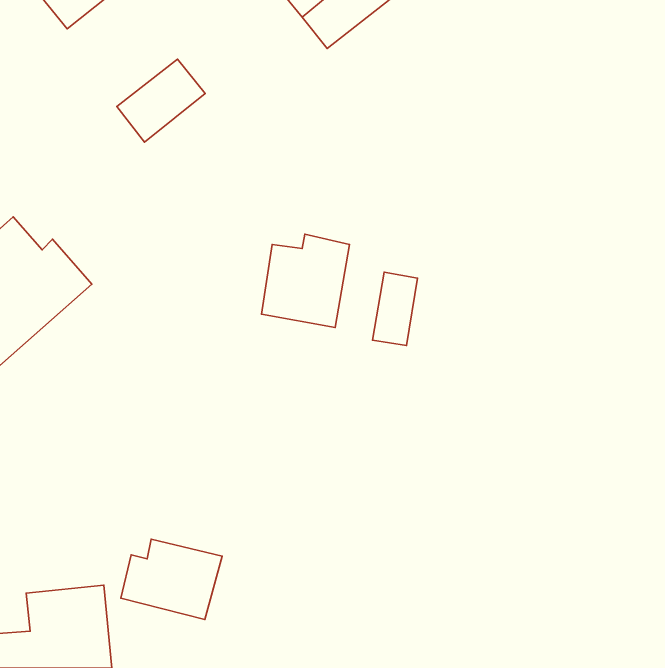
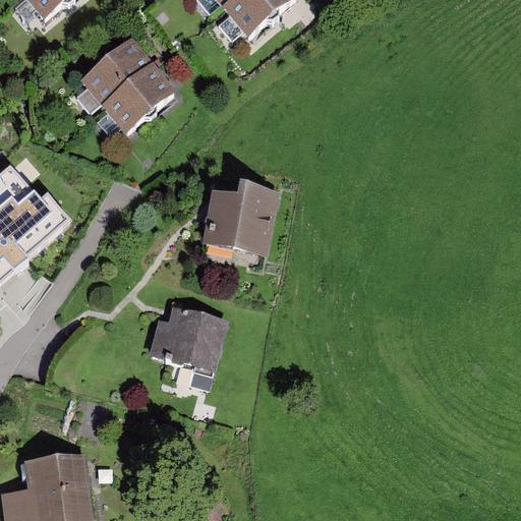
building: none -> [112,72,179,134]
building: [372,272,417,345] -> none
building: [121,539,222,619] -> [144,307,223,369]

